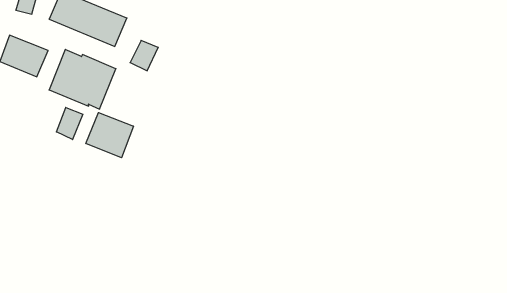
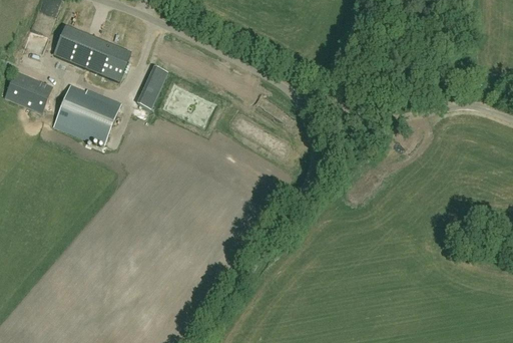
building: [56,107,83,140] -> none
building: [86,113,133,158] -> none

